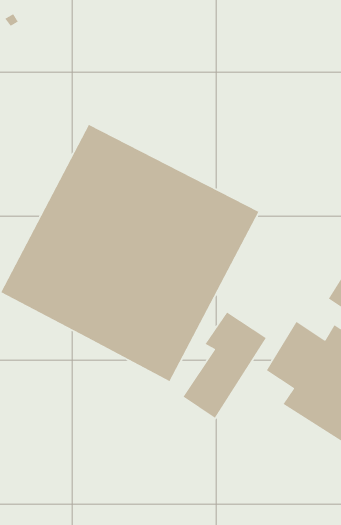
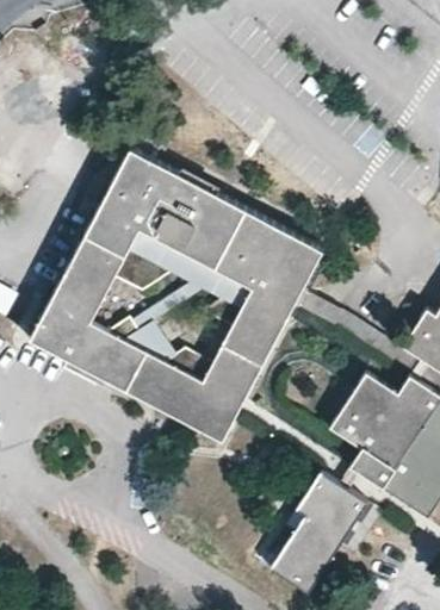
building: [182,311,267,419] -> [271,473,366,595]

